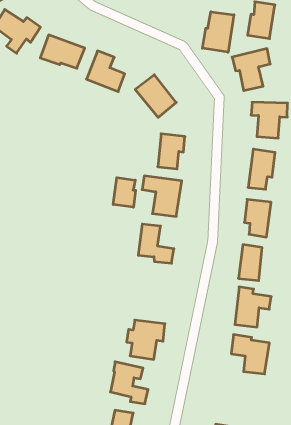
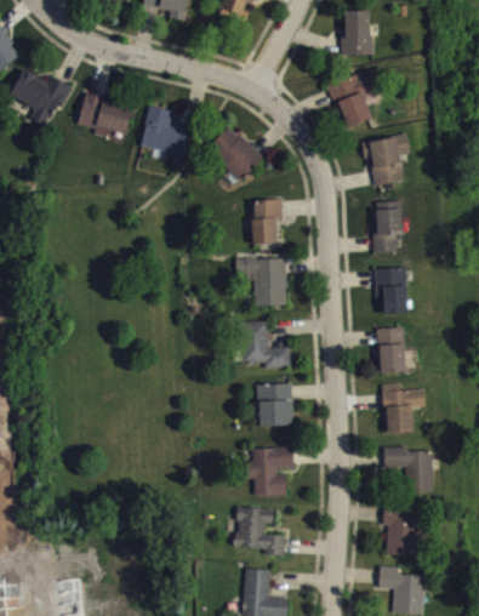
building: [202,12,234,52] -> none
building: [113,178,136,207] -> none
building: none -> [258,383,293,426]
building: none -> [383,507,418,555]

